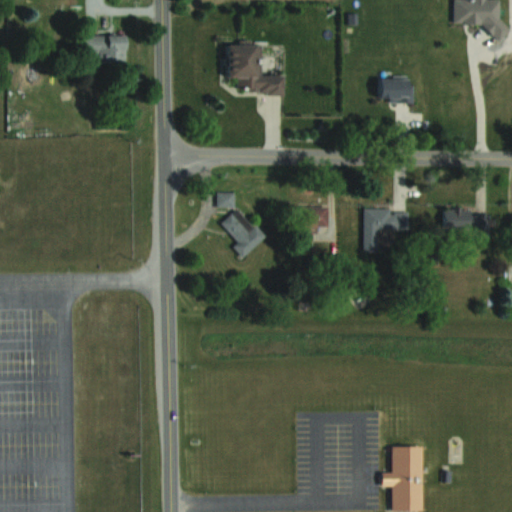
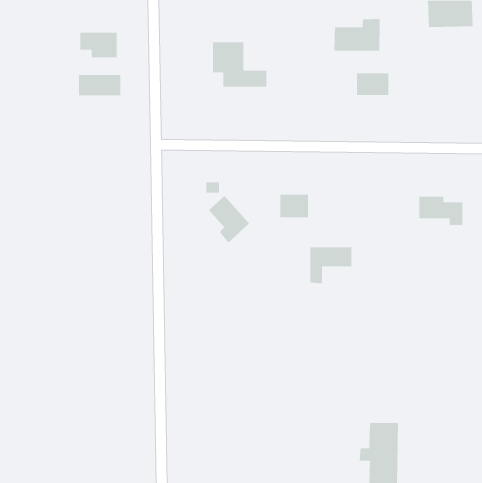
building: none -> [334,18,380,51]
building: none -> [78,74,121,96]
building: [364,210,409,249] -> [309,247,352,284]

